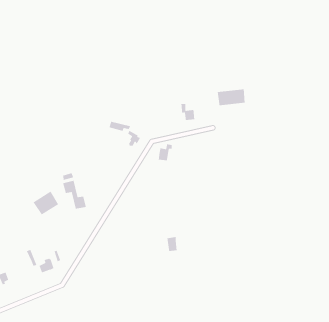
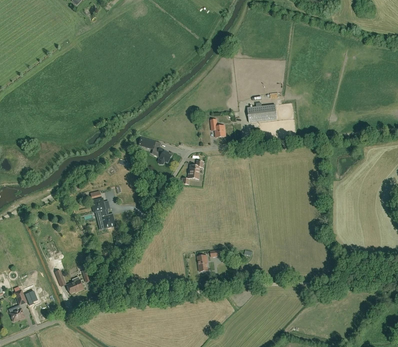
building: [33,191,59,215] -> none

